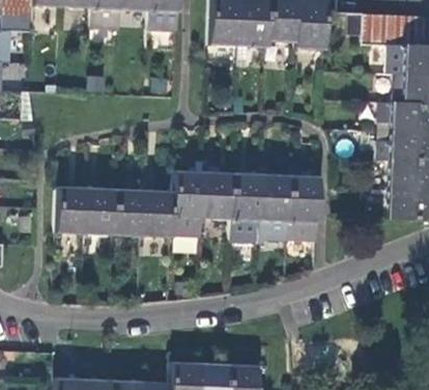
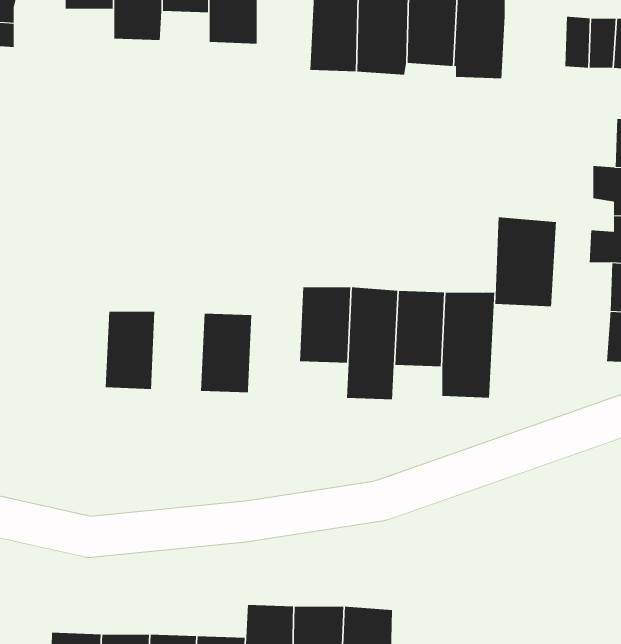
building: none -> [495,217,557,307]
building: [172,172,204,235] -> none
building: [55,187,88,233] -> none
building: [114,188,145,235] -> none

